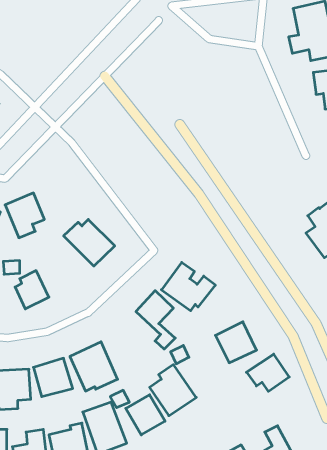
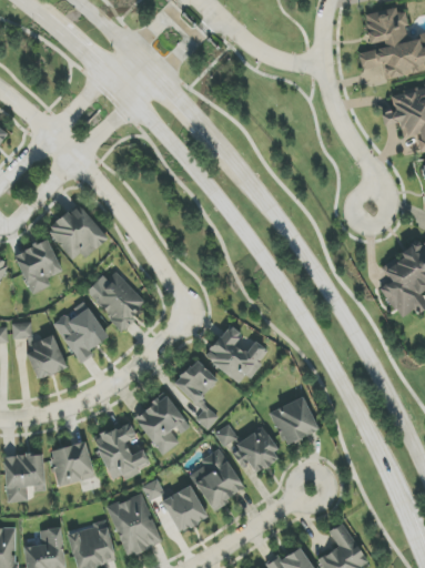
building: none -> [48,203,105,262]
building: none -> [52,302,108,359]
building: none -> [132,393,190,455]
building: [246,354,289,391] -> [229,428,281,474]

